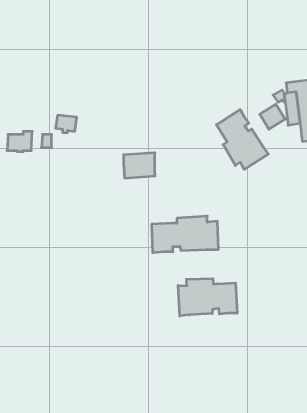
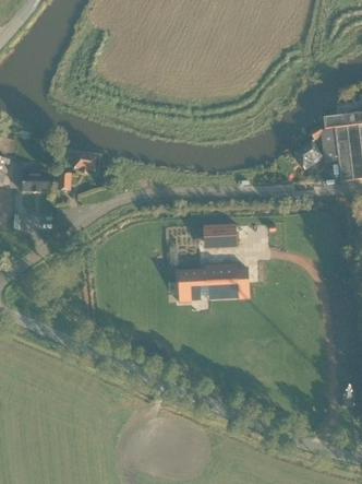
building: [216,110,268,169] -> none
building: [124,153,155,178] -> [203,221,237,248]
building: [178,279,237,316] -> none

